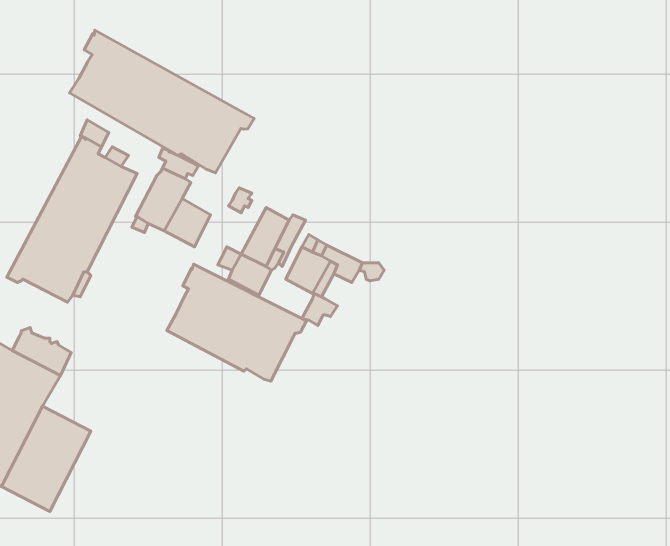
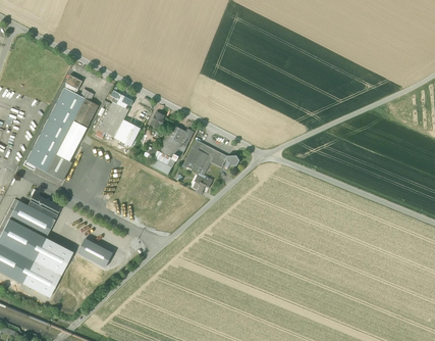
building: [69,30,254,173] -> none
building: [167,264,307,381] -> none
building: none -> [77,239,113,267]

